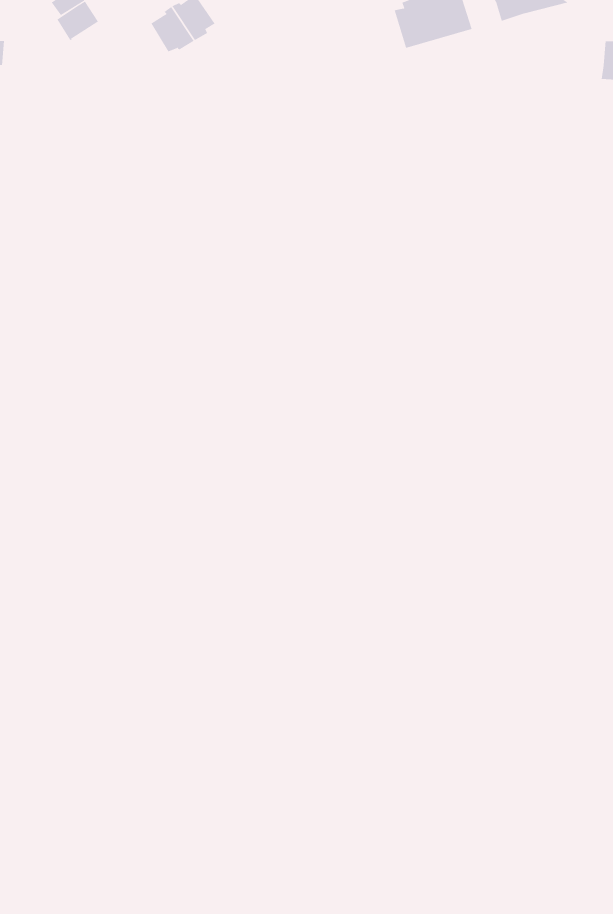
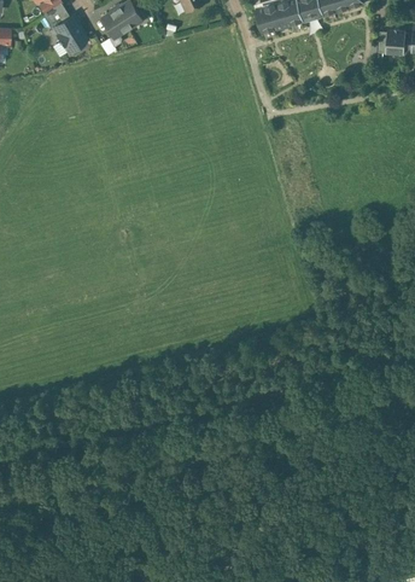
building: none -> [52,14,88,52]

